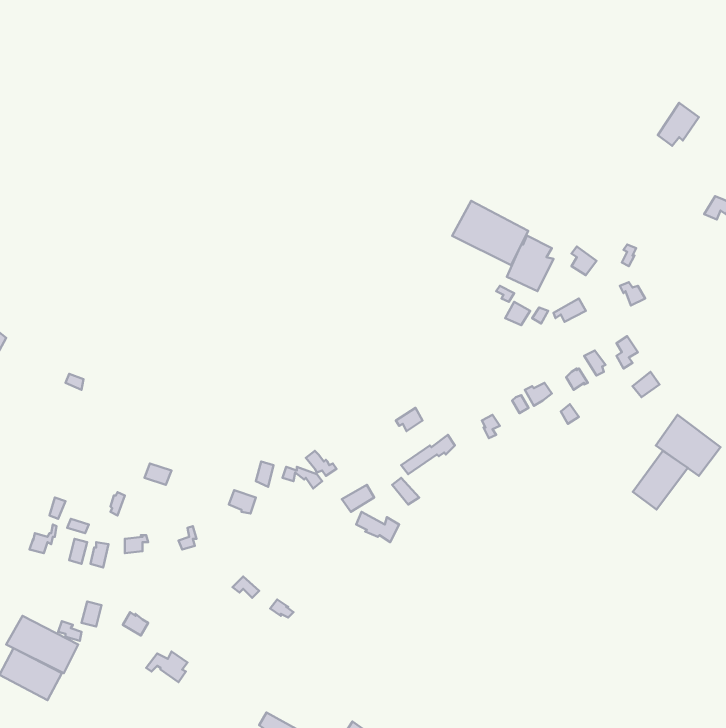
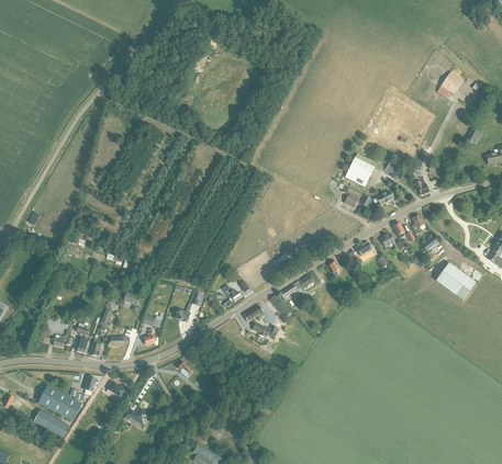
building: [452,201,528,265] -> none
building: [633,451,688,510] -> none

